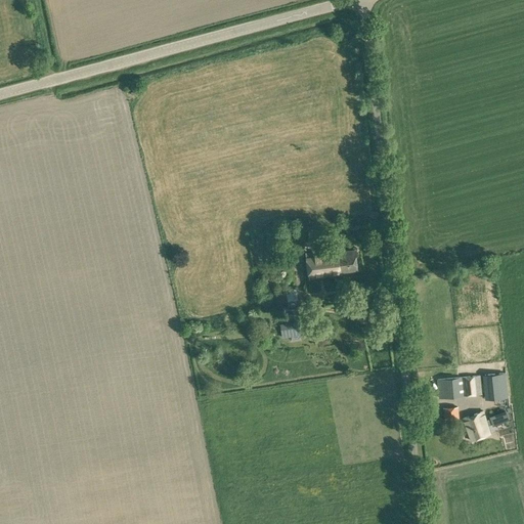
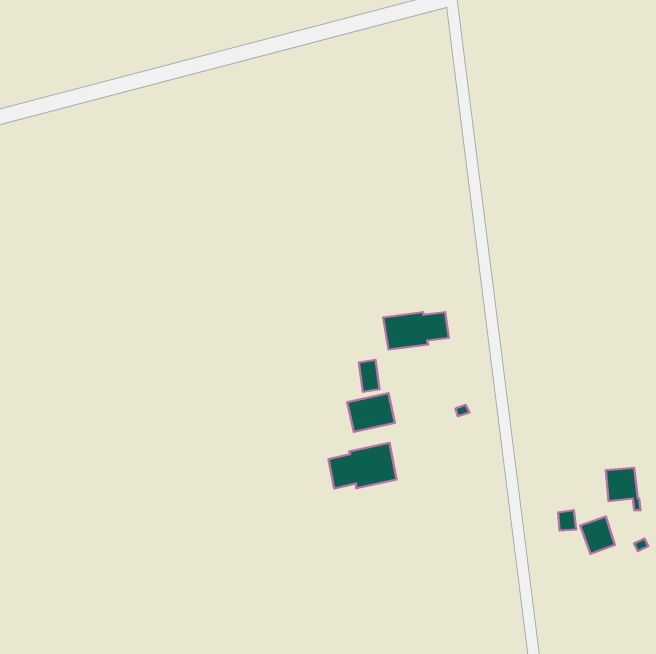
building: none -> [328,443,396,489]
building: [436,378,481,400] -> none

